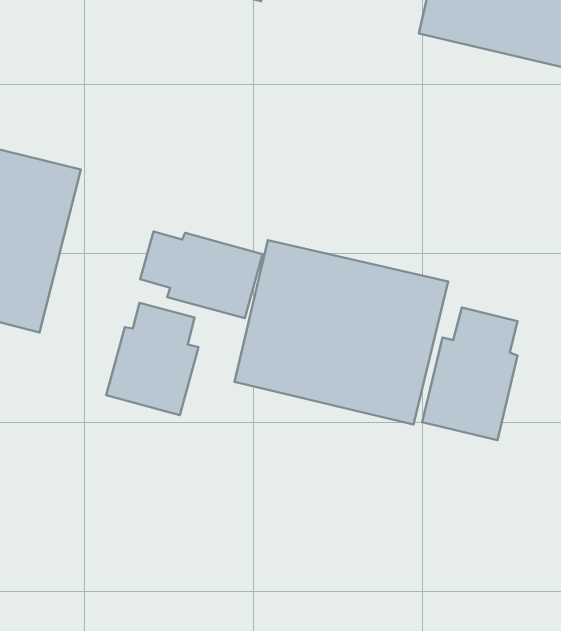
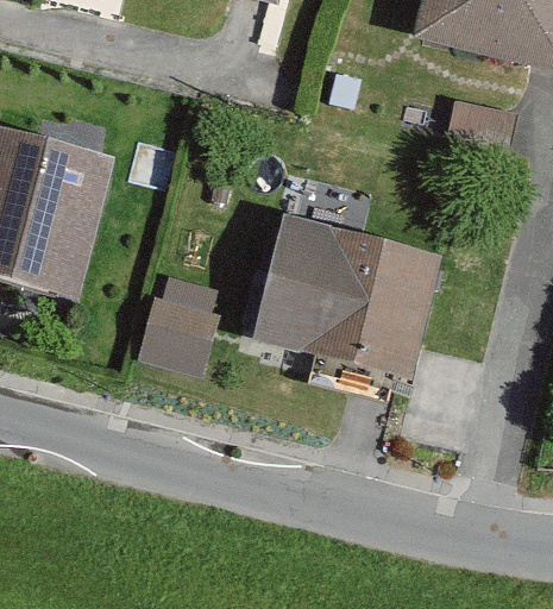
building: [140,231,263,318] -> none
building: [422,307,518,440] -> none

